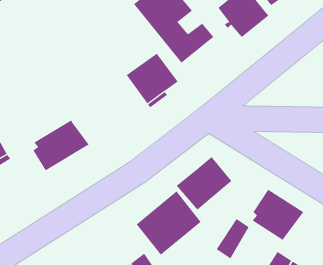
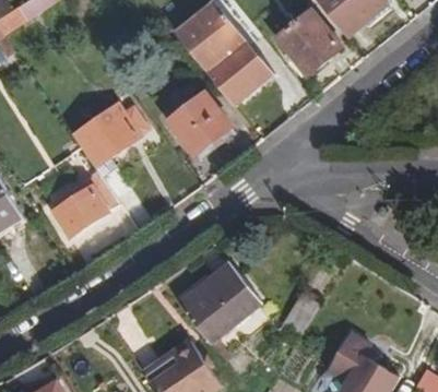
building: none -> [73,105,146,177]
building: [176,156,232,211] -> none
building: [252,189,304,241] -> none

